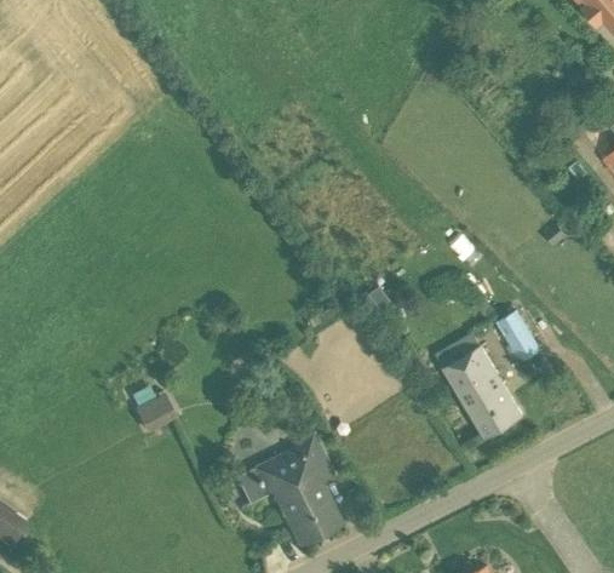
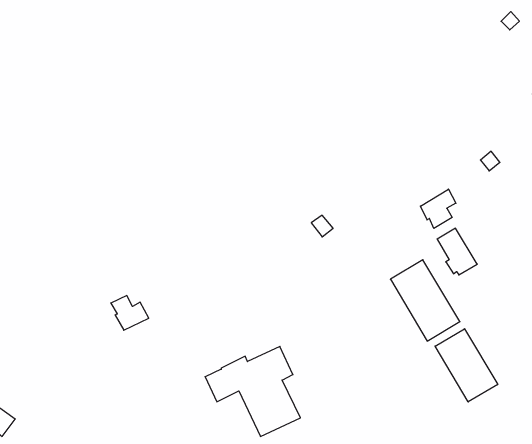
building: none -> [420,189,456,228]
building: none -> [435,329,498,402]

